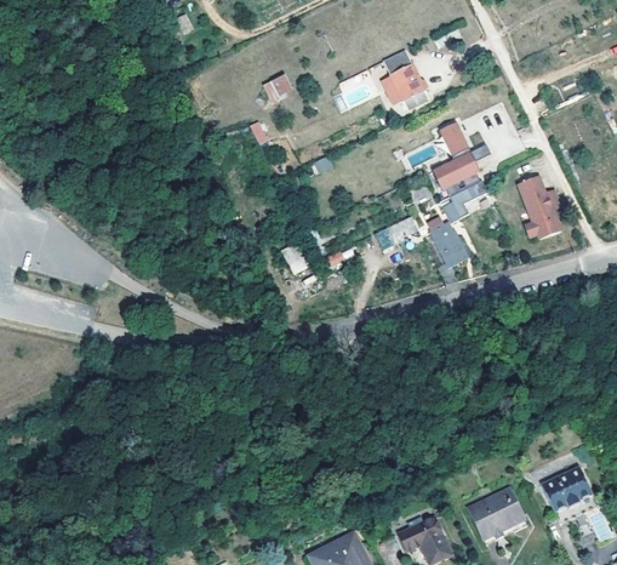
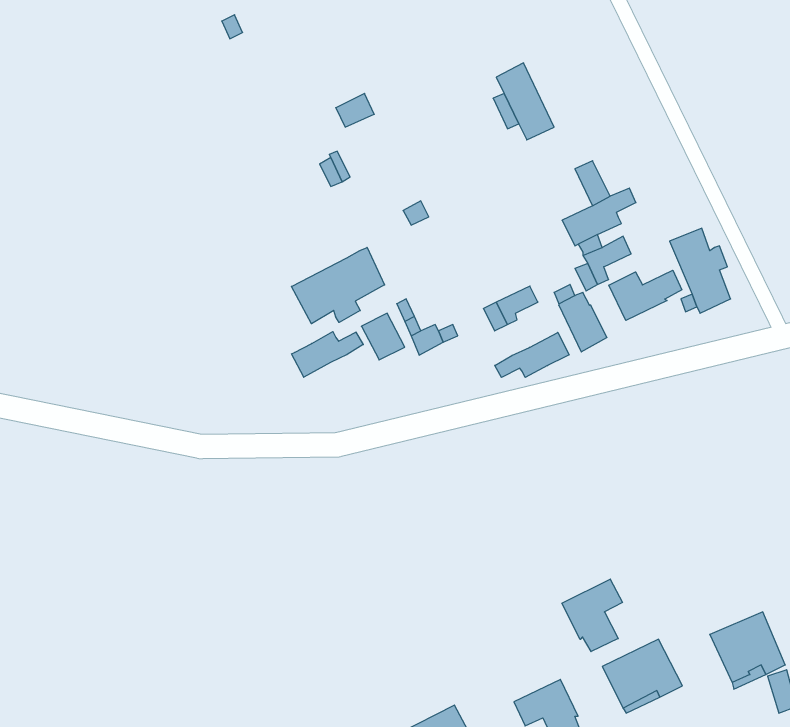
building: none -> [291,247,385,324]
building: none -> [609,270,682,320]
building: none -> [292,332,363,377]
building: none -> [495,332,569,377]
building: none -> [562,579,622,652]

